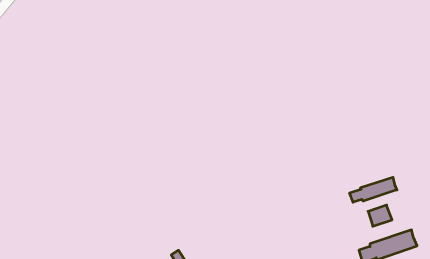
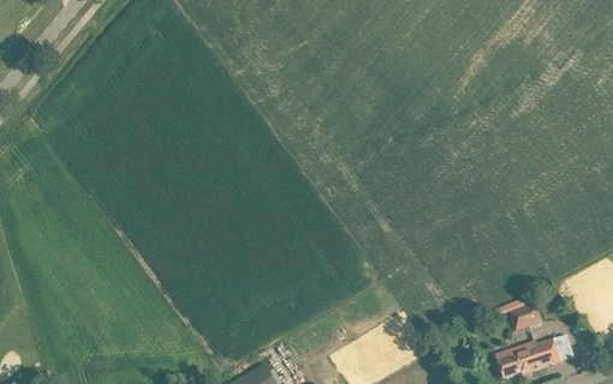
building: [350,177,397,202] -> none

